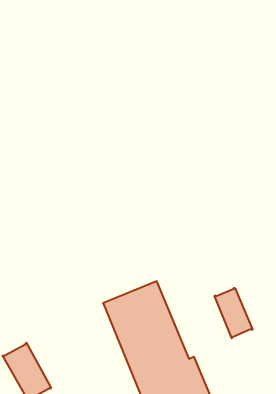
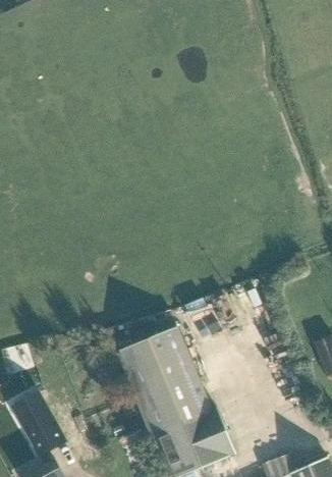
building: [215,288,253,338] -> none

